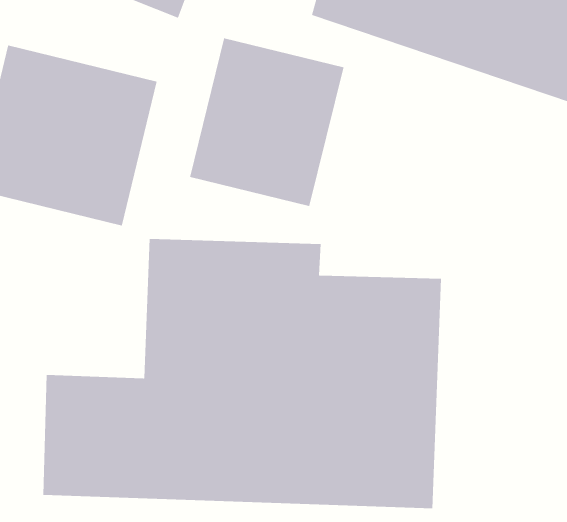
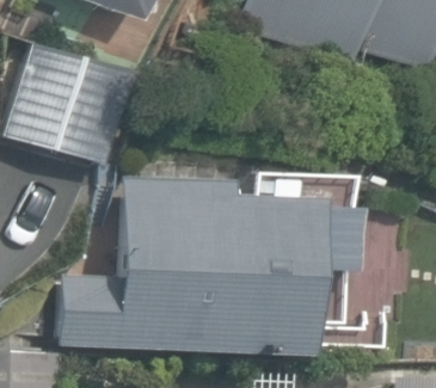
building: [189,37,344,207] -> none

